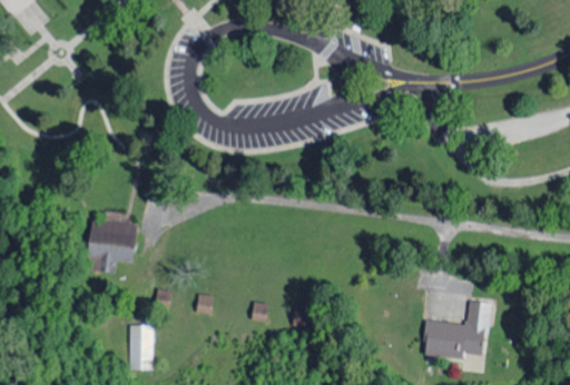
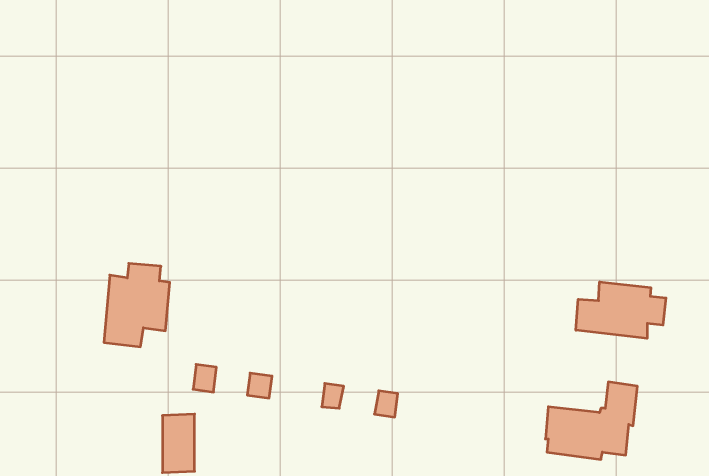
building: none -> [576,282,666,338]

